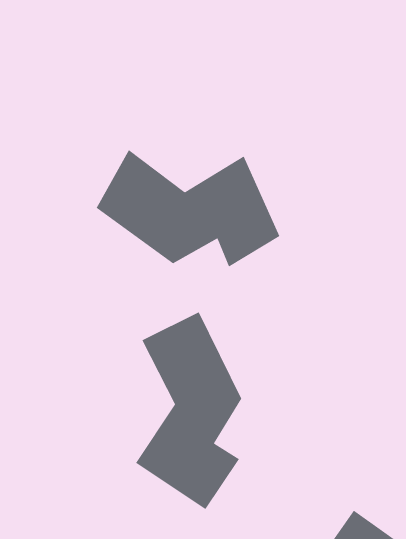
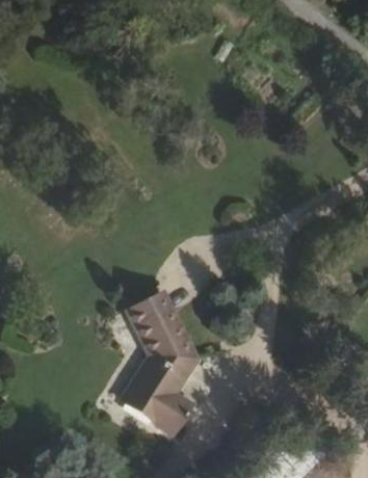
building: [96,149,280,268] -> none

